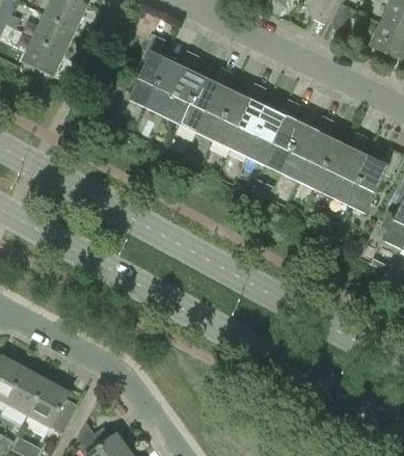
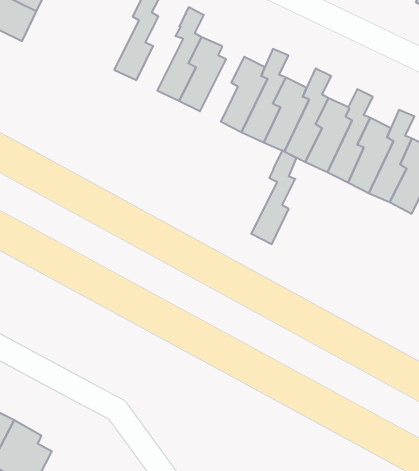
building: [145,56,183,115] -> none
building: [196,65,233,140] -> [251,151,297,244]

